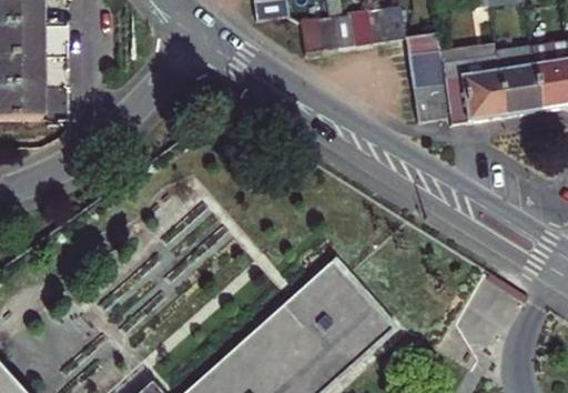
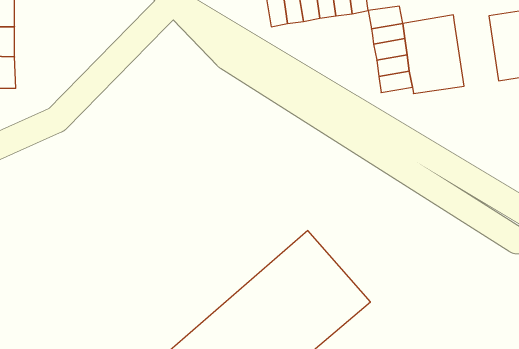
building: [494,42,539,114] -> none

